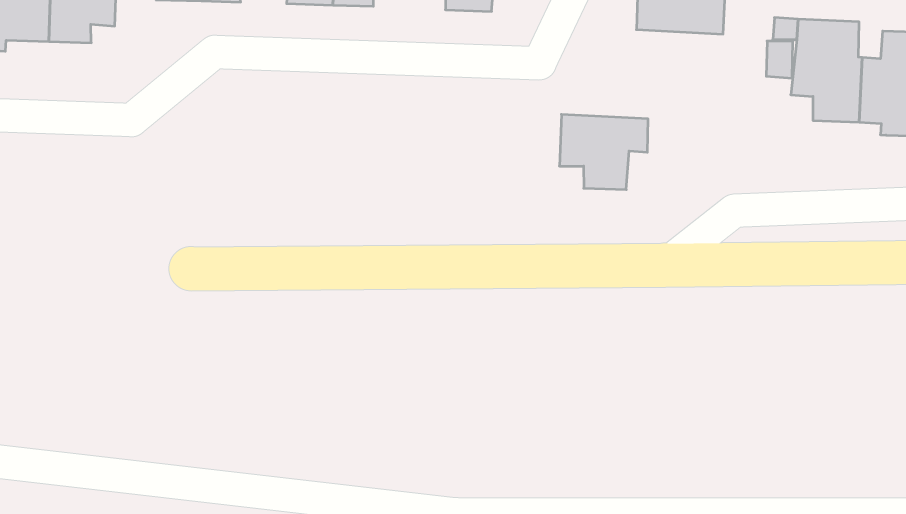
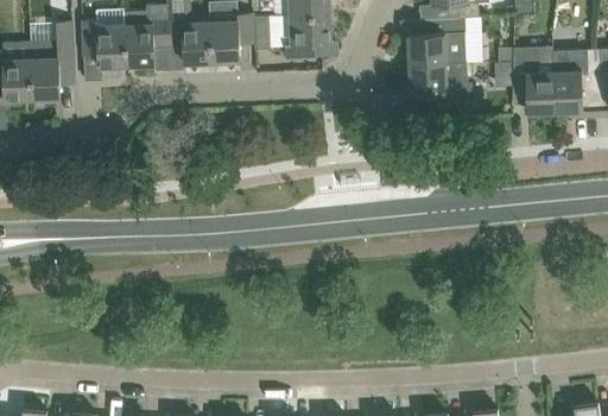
building: [559,114,648,190] -> [410,61,467,108]

